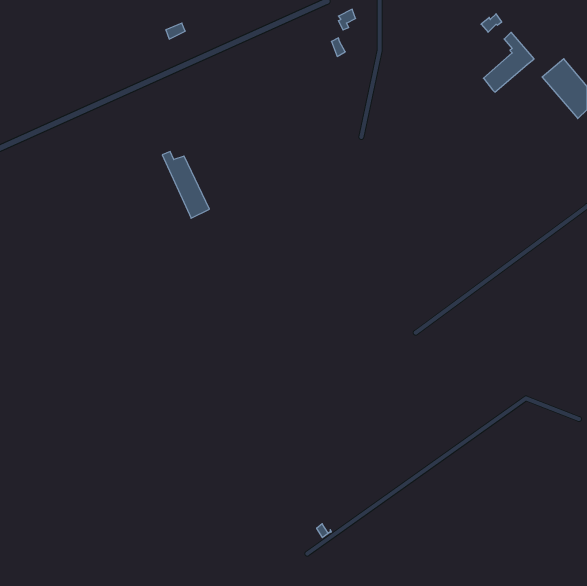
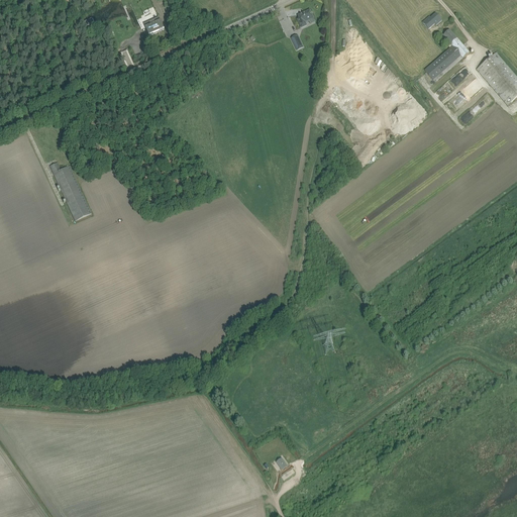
building: [162,152,209,218] -> [49,162,91,220]

